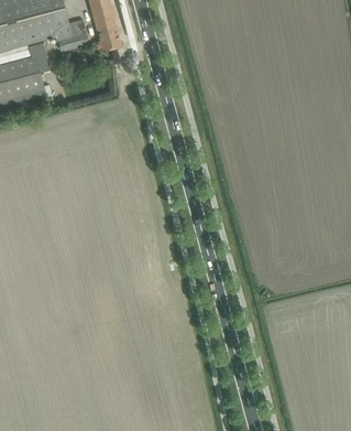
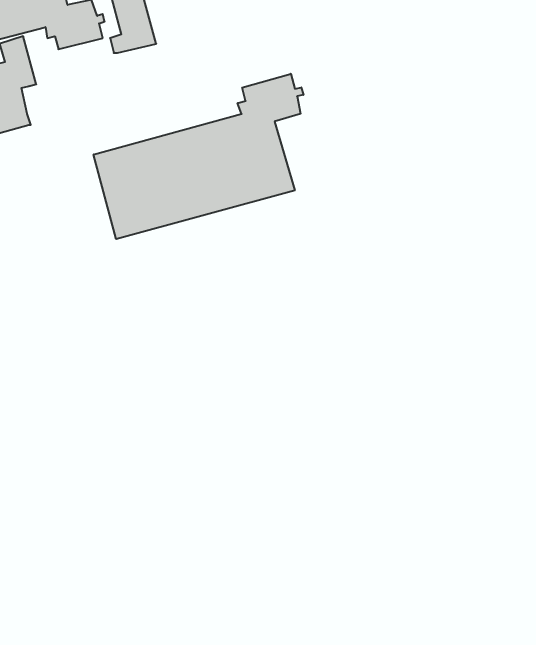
building: none -> [94,74,303,239]

